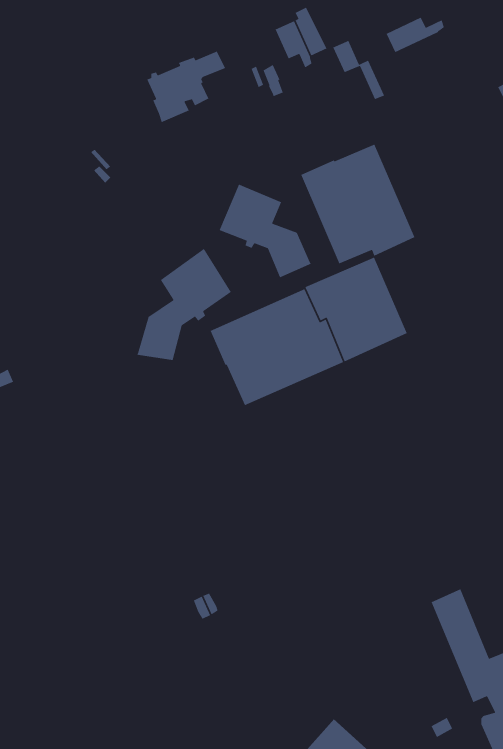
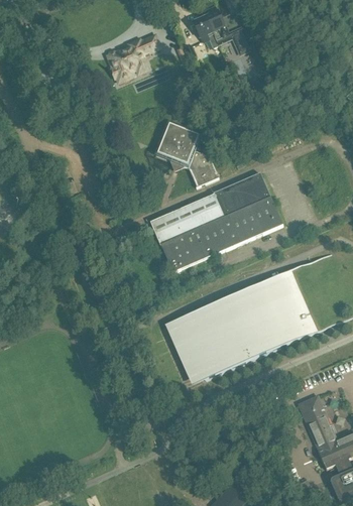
building: [386,17,445,53] -> none
building: [300,143,416,264] -> none
building: [136,248,232,361] -> none
building: none -> [166,268,319,384]

